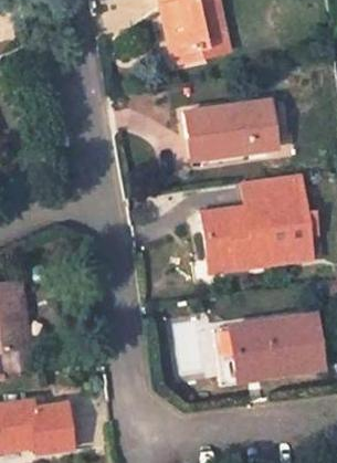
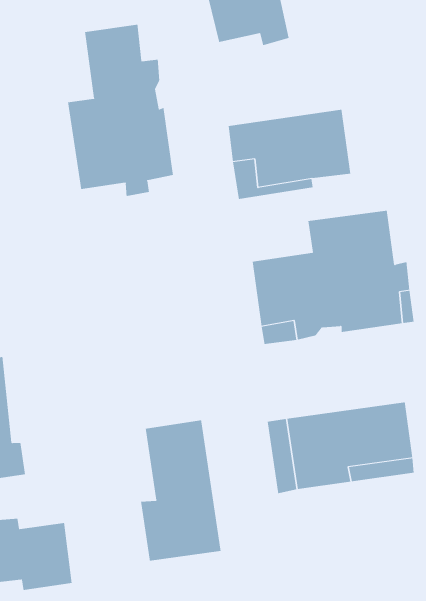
building: none -> [68,24,173,197]
building: none -> [140,420,221,561]

